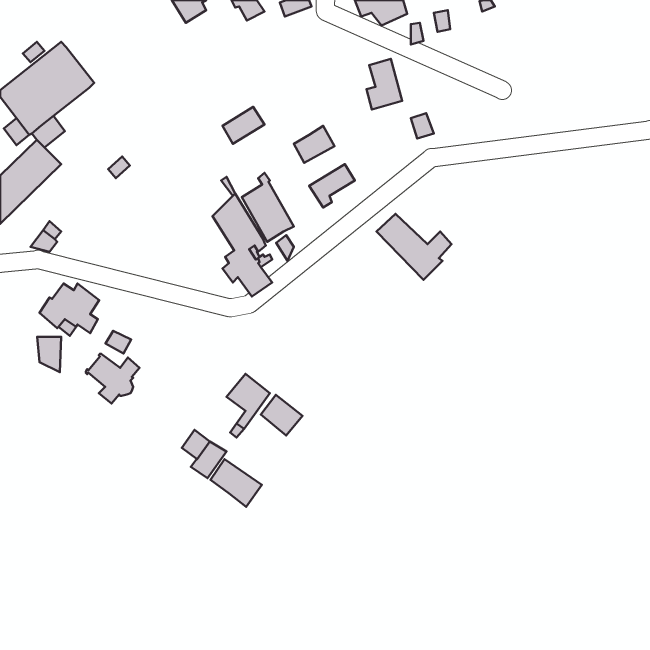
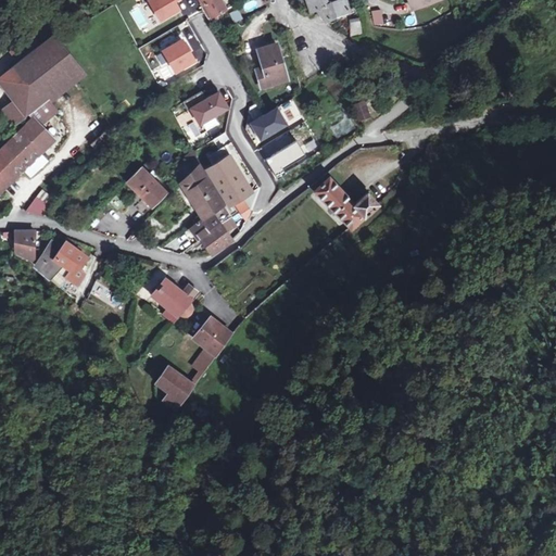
building: none -> [161,39,192,72]
building: [367,59,402,110] -> [256,43,287,87]
building: none -> [127,167,166,206]
building: [37,337,61,372] -> [14,231,35,262]
building: [86,354,139,403] -> [152,280,198,323]
building: [261,395,302,436] -> none
building: [211,459,262,507] -> none

